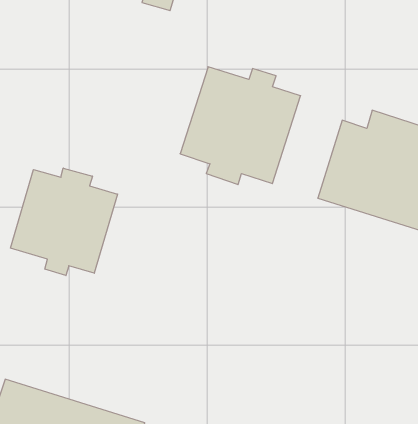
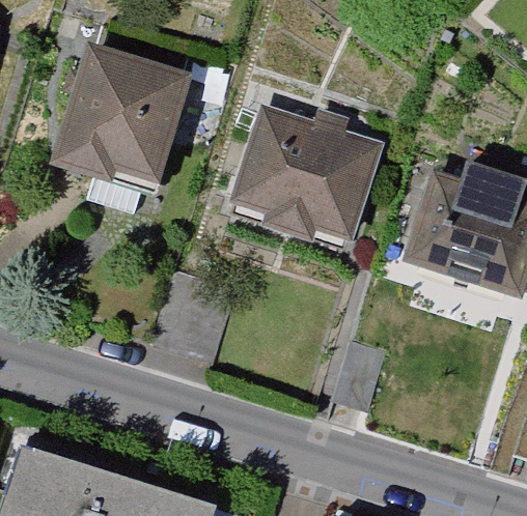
building: none -> [52,42,195,188]
building: [11,168,118,276] -> none

